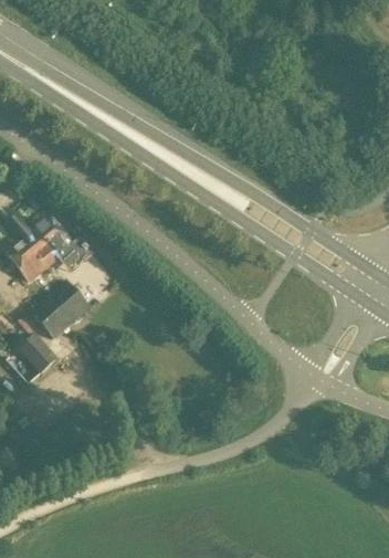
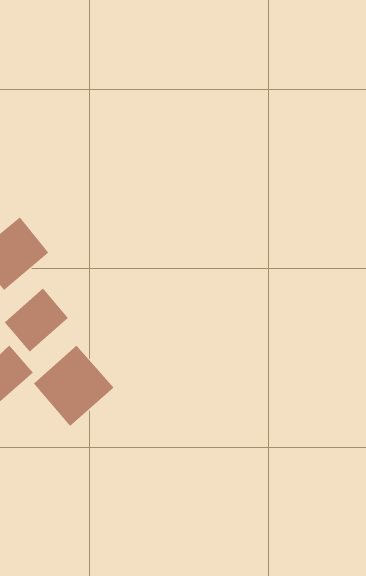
building: none -> [33,345,115,427]

